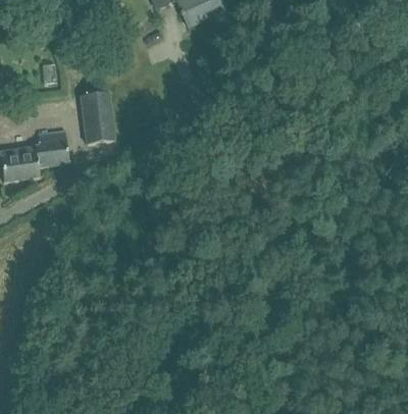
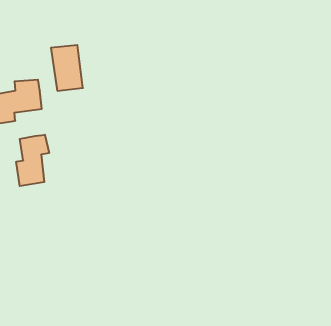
building: none -> [16,135,49,186]

